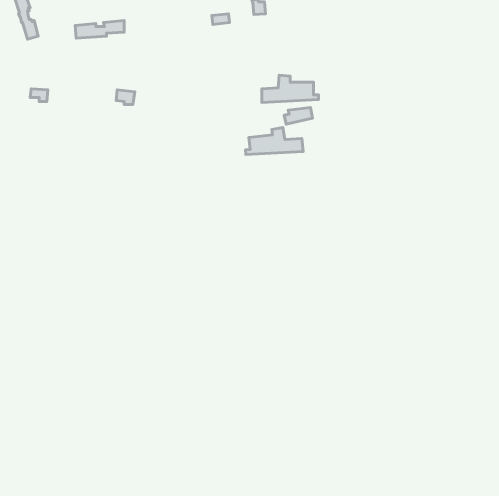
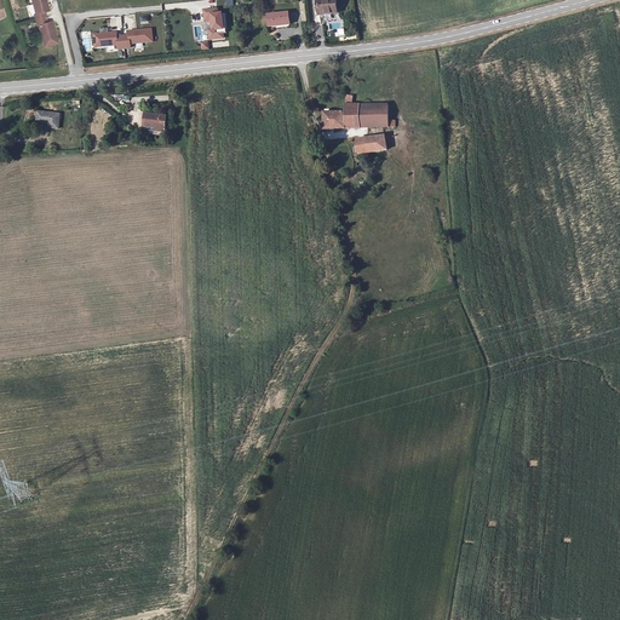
building: none -> [205,6,226,38]
building: [245,127,303,155] -> none

